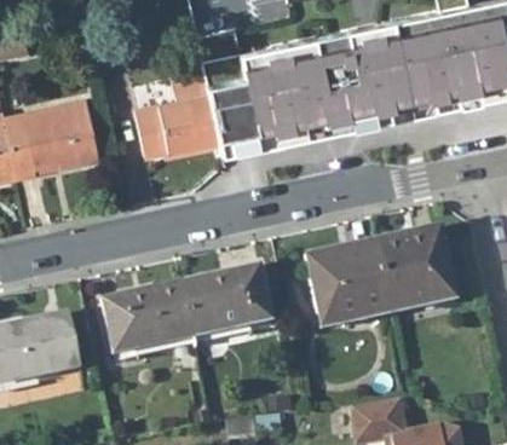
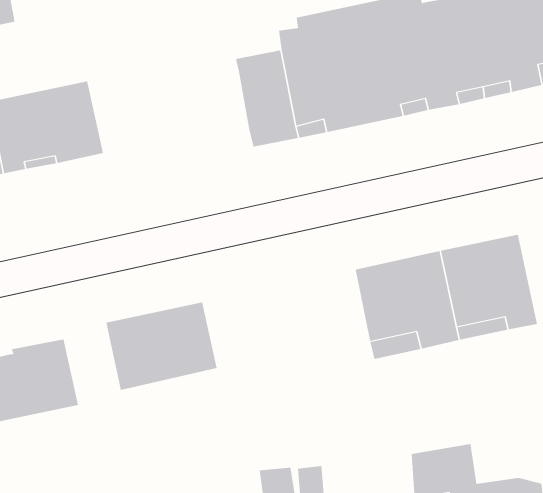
building: [136,68,218,155] -> none
building: [180,264,271,335] -> none

